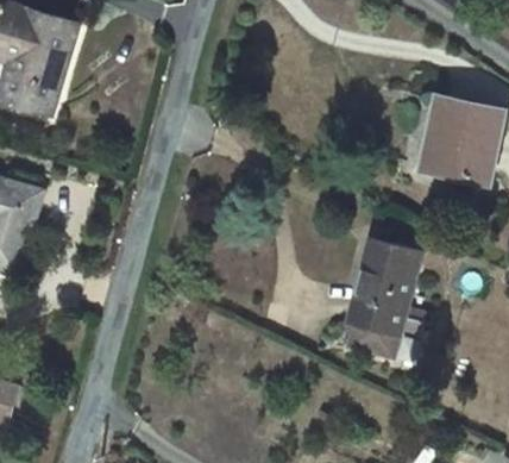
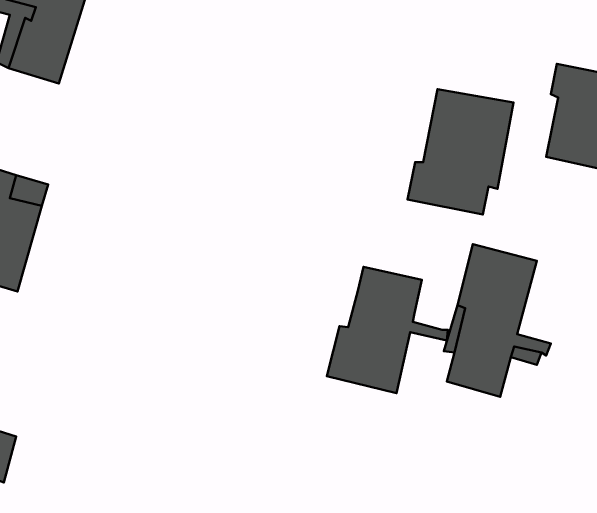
building: none -> [408,89,513,215]
building: none -> [327,267,448,393]

